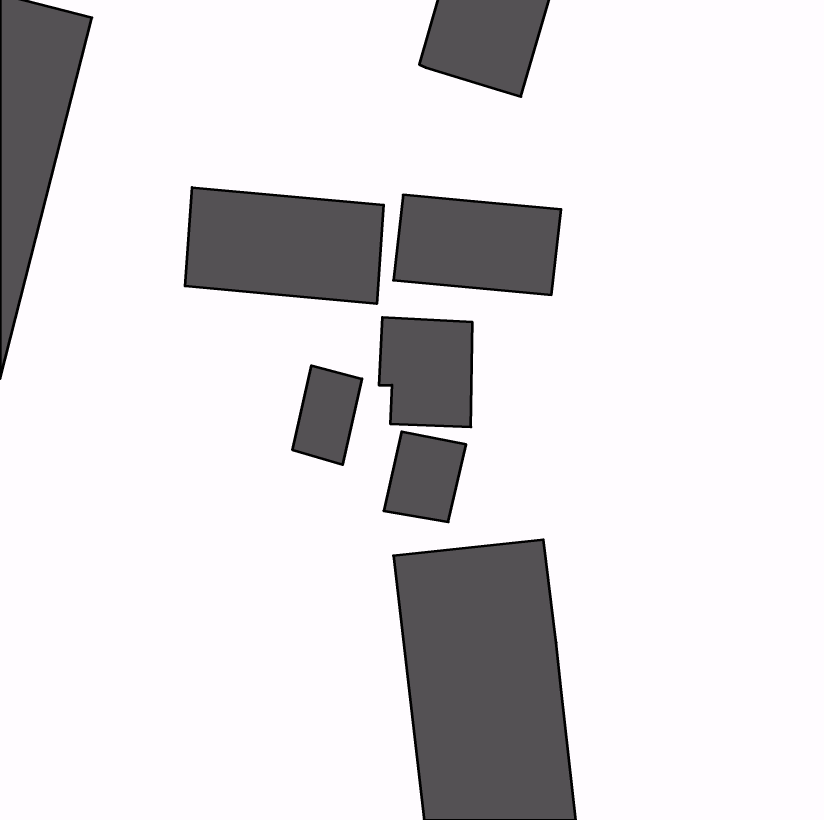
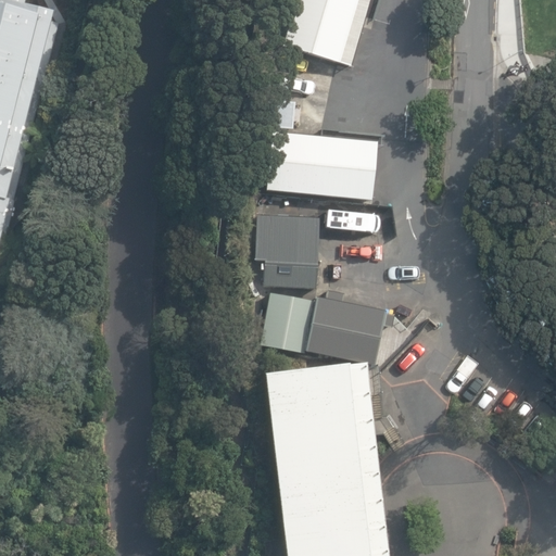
building: [185,187,384,304] -> none
building: [293,366,362,465] -> none
building: none -> [306,291,395,366]

